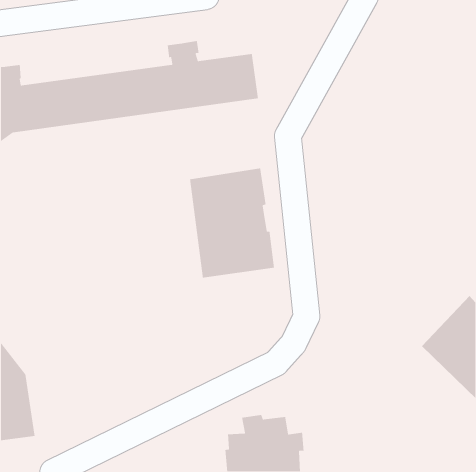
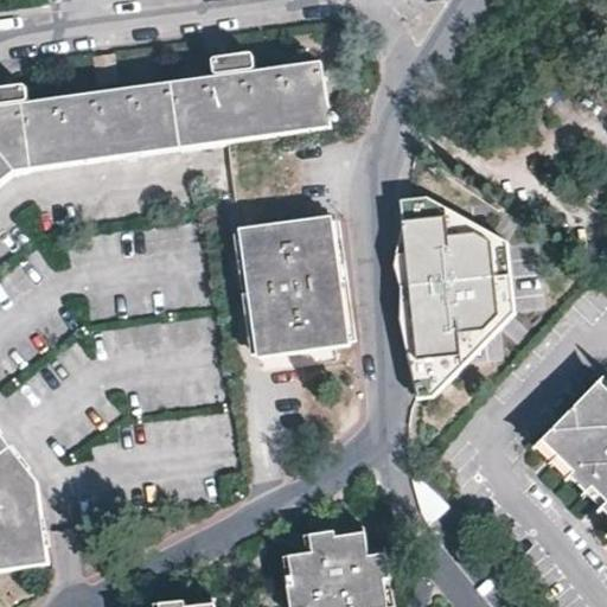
building: none -> [390,189,512,397]

